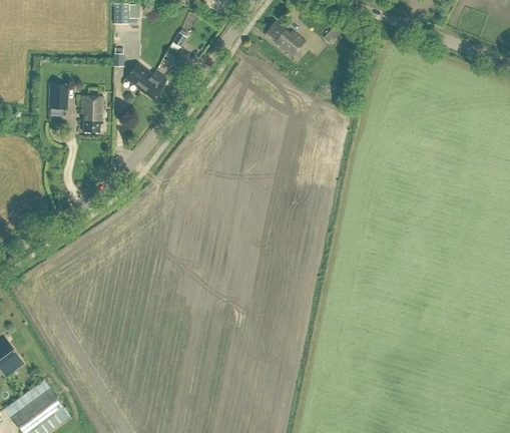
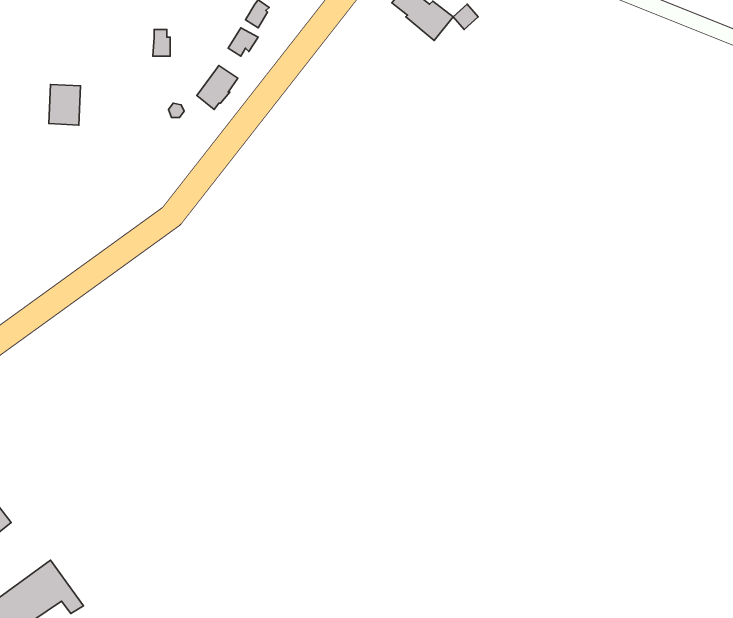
building: [126,62,153,89] -> none
building: [80,94,102,130] -> none

